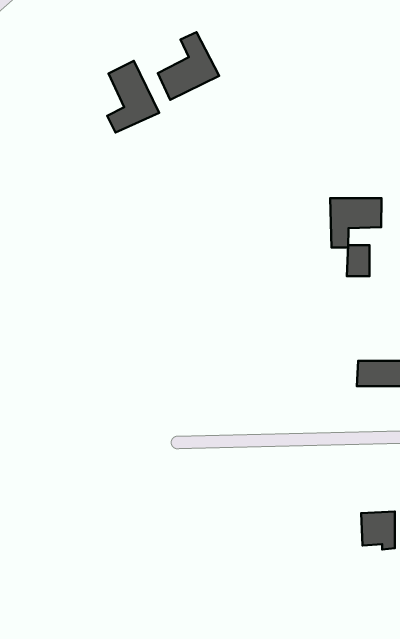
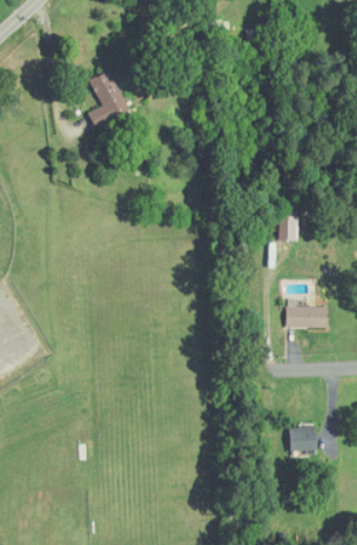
building: [158,32,219,100] -> none
building: [330,198,381,248] -> none

